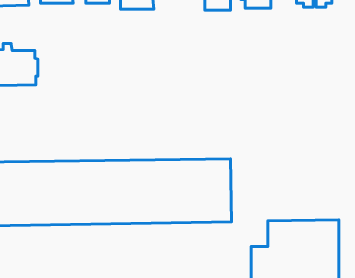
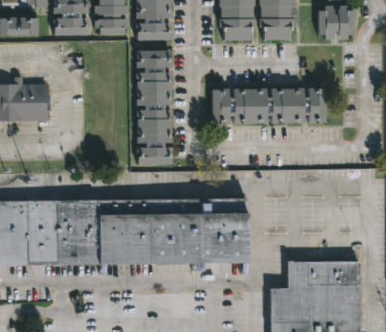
building: none -> [136,52,172,167]
building: none -> [213,88,328,123]

